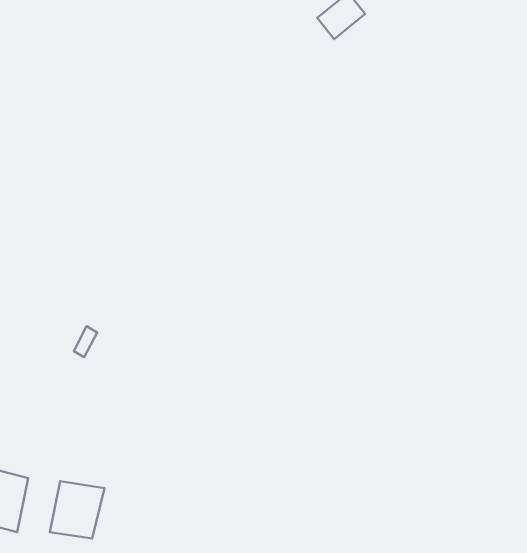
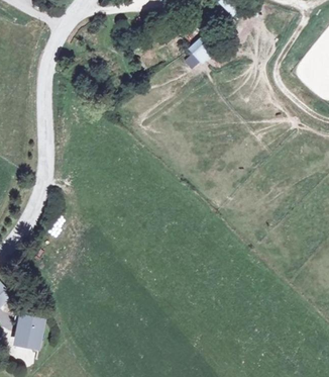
building: [50,481,104,539] -> none

